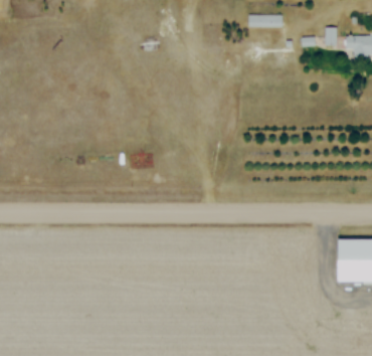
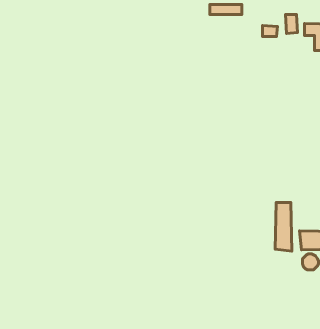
building: none -> [275,202,292,251]

